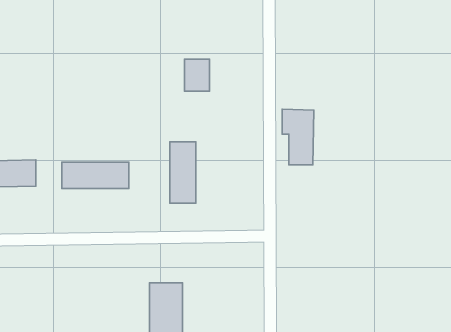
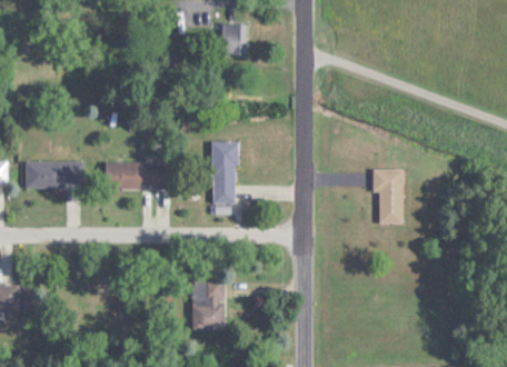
building: [184,59,209,91] -> [222,23,247,54]
building: [282,109,314,165] -> [372,168,404,222]

